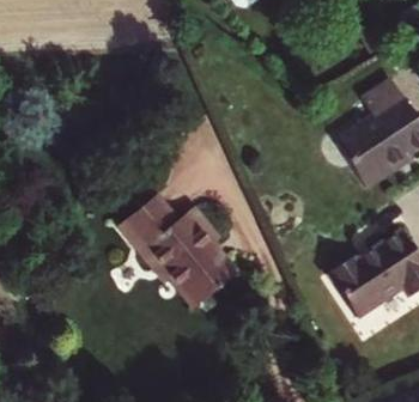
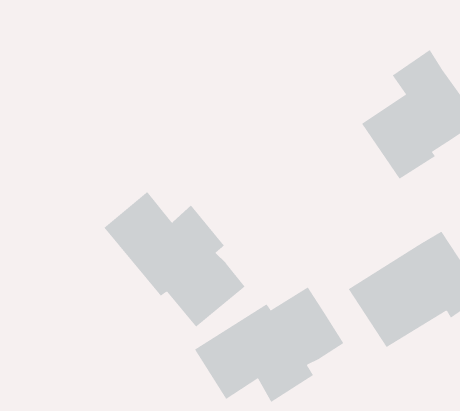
building: none -> [194,286,344,403]

